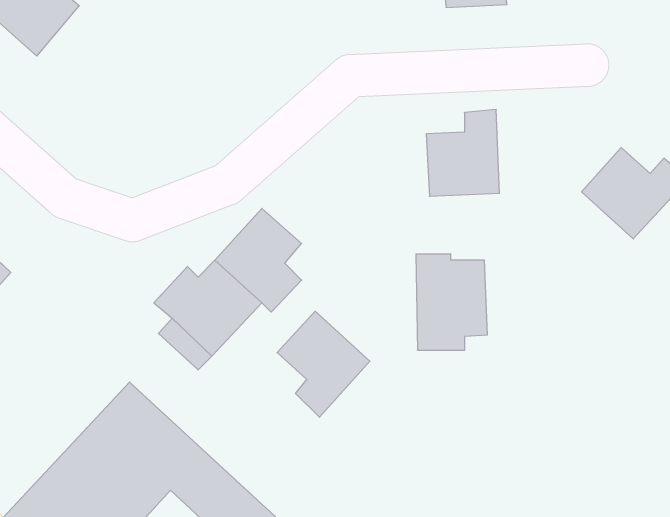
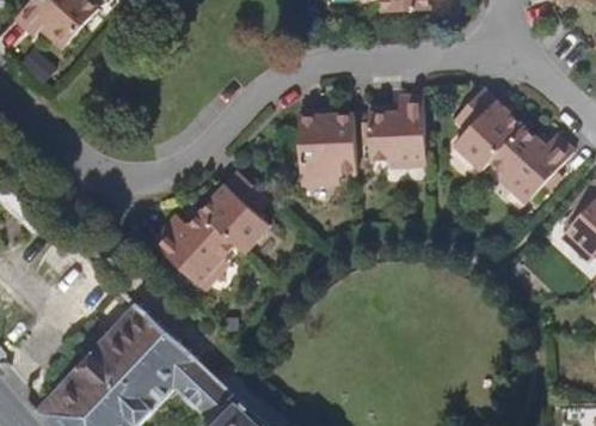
building: none -> [454,85,521,164]
building: [416,254,487,350] -> [300,105,356,181]
building: [277,311,370,417] -> none

